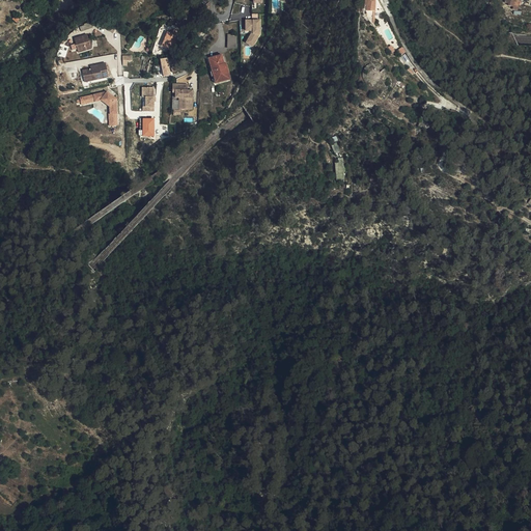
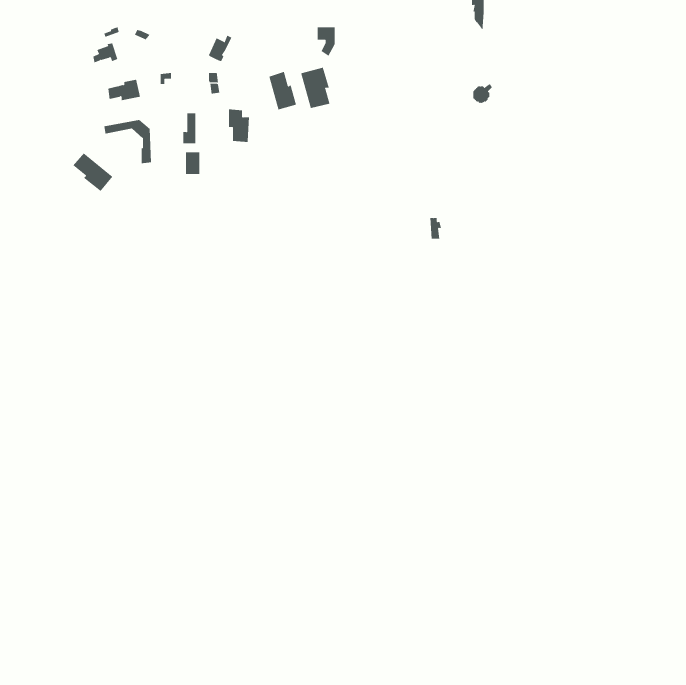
building: none -> [300,67,330,109]
building: none -> [72,153,113,192]

